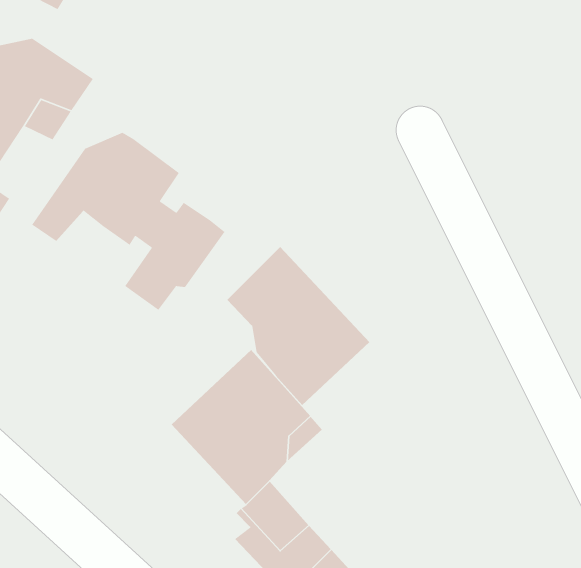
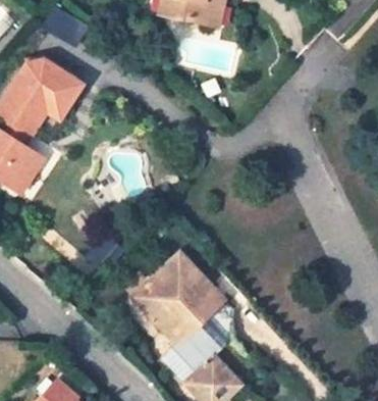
building: [31,132,226,311] -> none
building: [227,246,370,406] -> none

